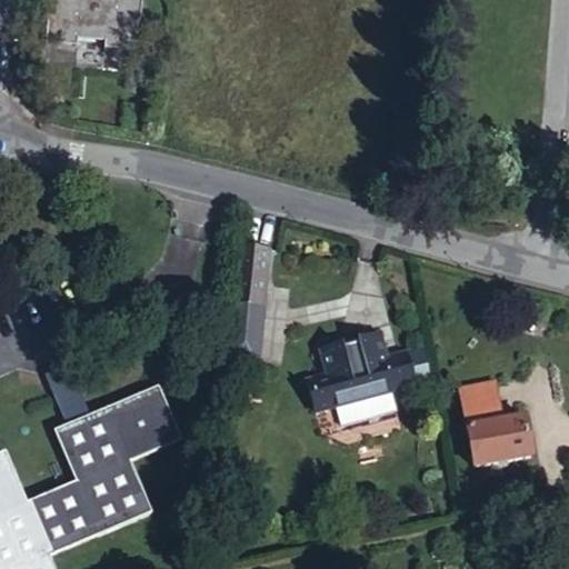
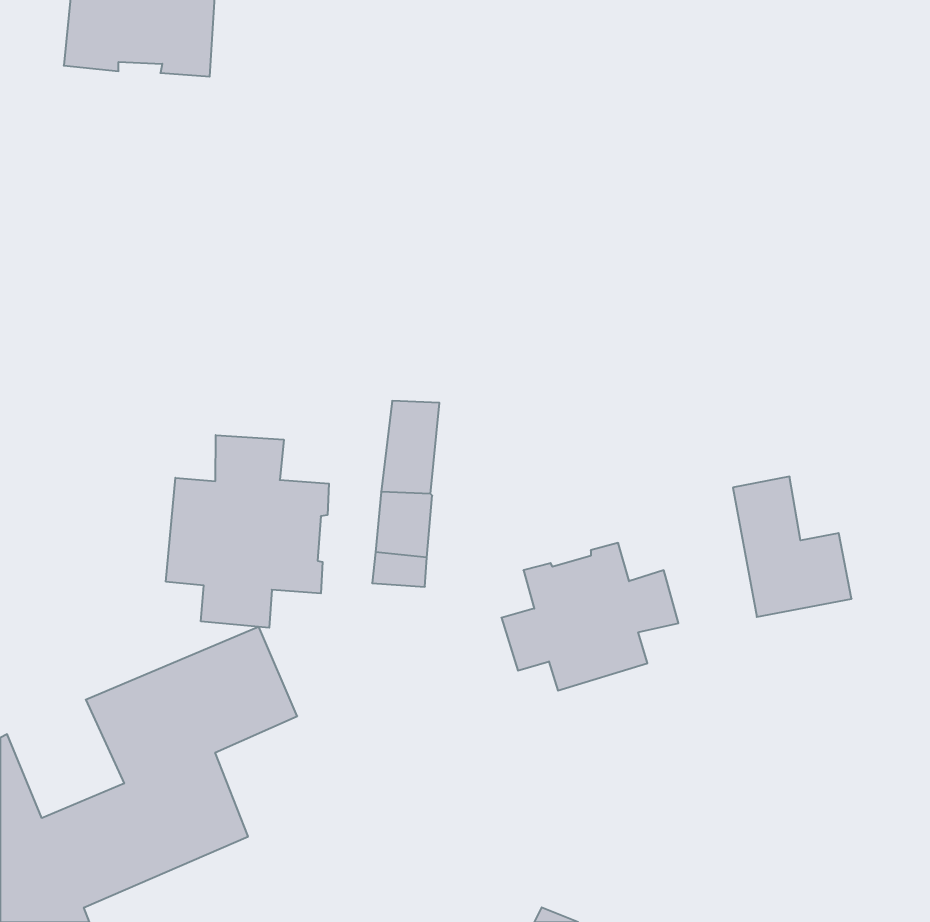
building: none -> [166,435,329,628]
building: [460,379,532,465] -> [733,477,852,617]

